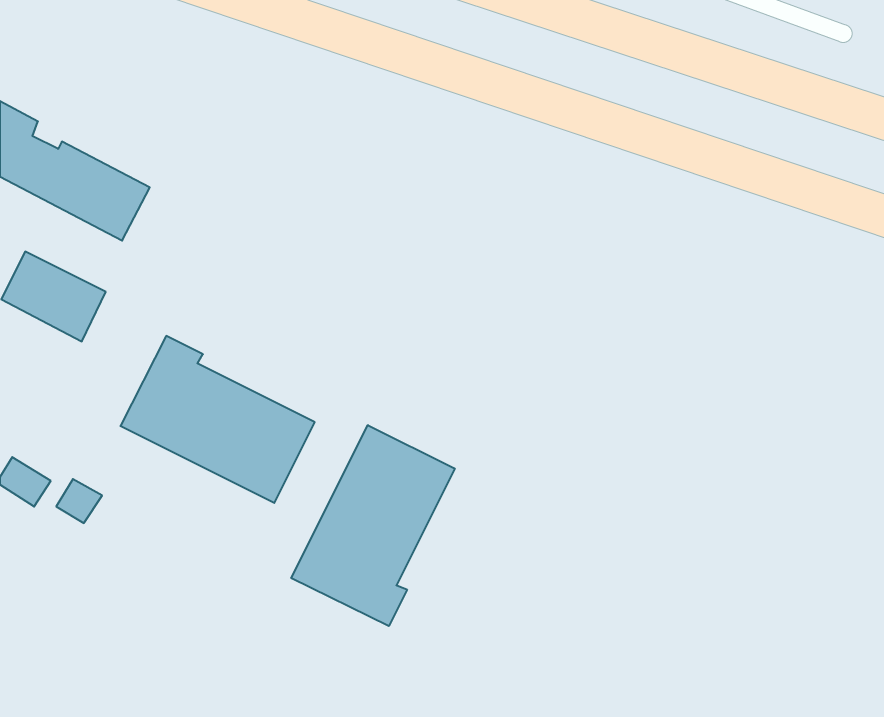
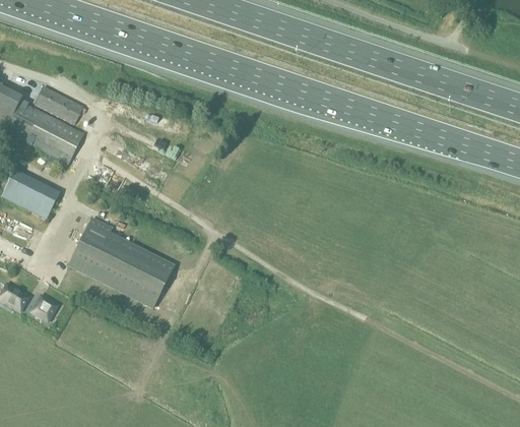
building: none -> [35,85,83,123]
building: [291,425,455,626] -> none

